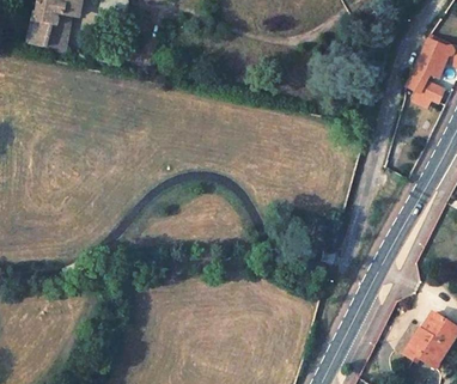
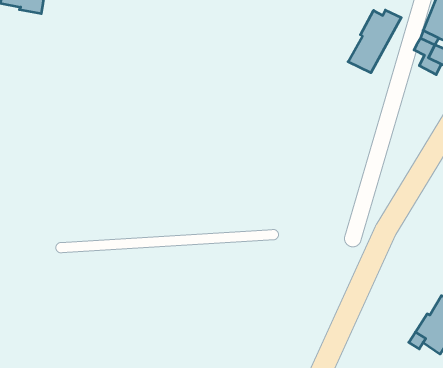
building: none -> [348,10,401,73]

